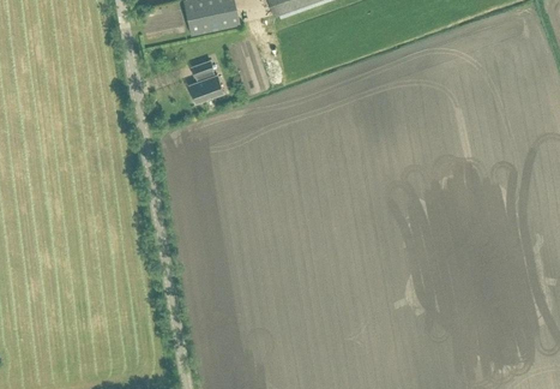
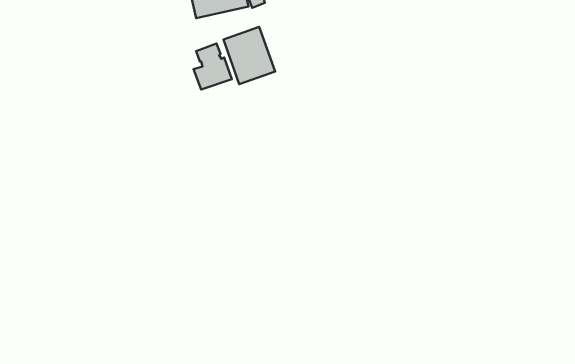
building: none -> [224,27,275,84]

